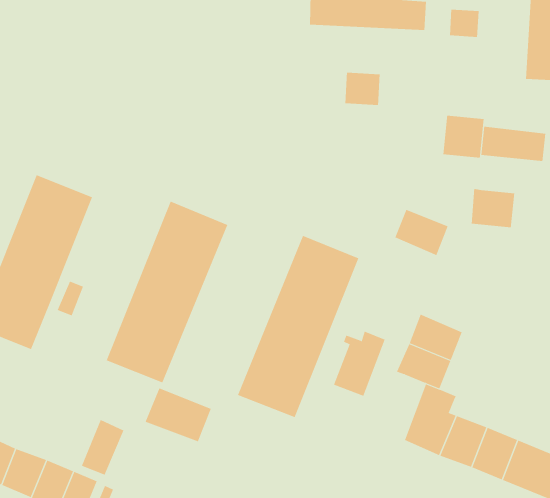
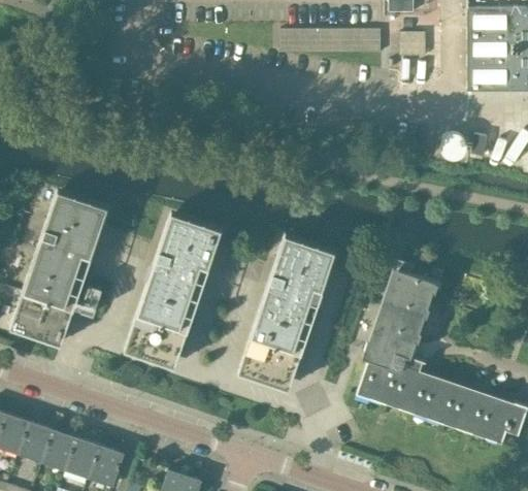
building: [345,72,380,106] -> none
building: [443,115,484,159] -> none
building: [471,188,515,228] -> none
building: [394,209,448,256] -> [391,269,436,307]
building: [333,331,386,396] -> [357,347,399,402]
building: [145,388,211,442] -> none
building: [81,419,124,475] -> none

